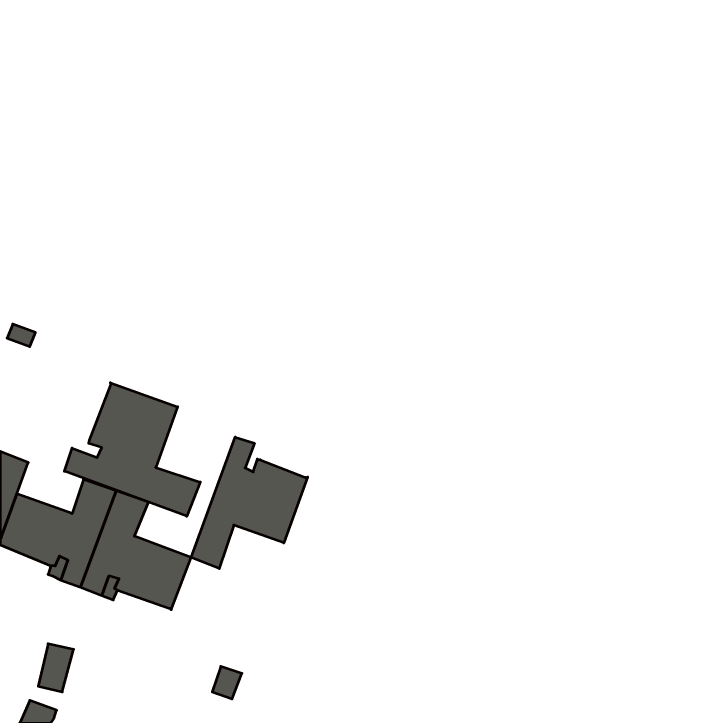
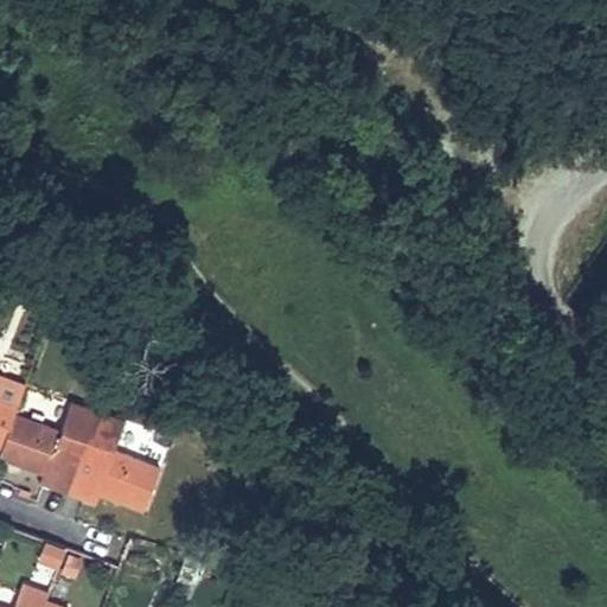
building: [64,383,200,516] -> none
building: [191,437,308,569] -> none

